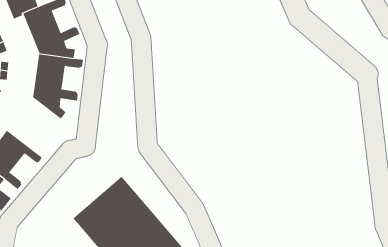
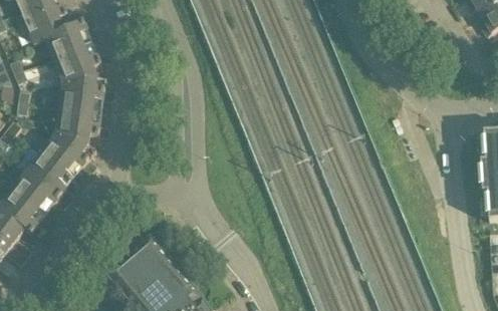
building: none -> [26,131,97,202]

